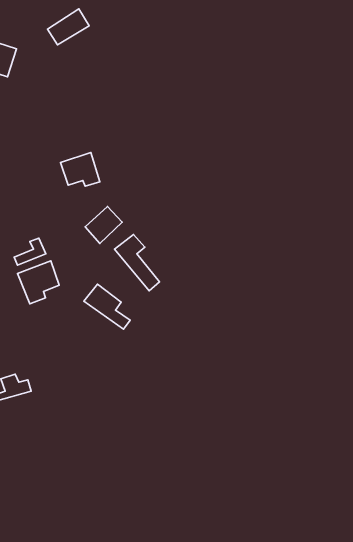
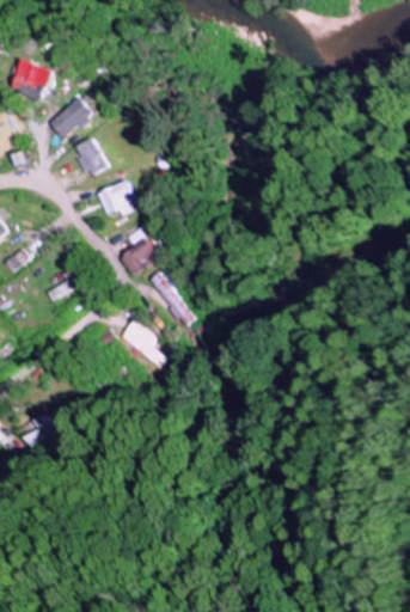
building: [47,9,89,45] -> [49,99,93,137]
building: none -> [77,139,106,177]
building: [17,261,59,304] -> none

